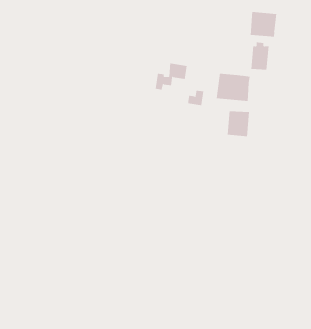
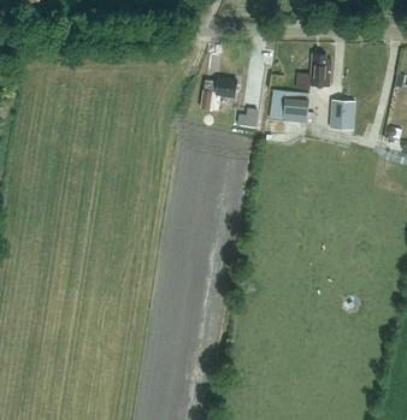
building: [250,11,277,37] -> none
building: [227,111,250,137] -> [329,100,355,130]

